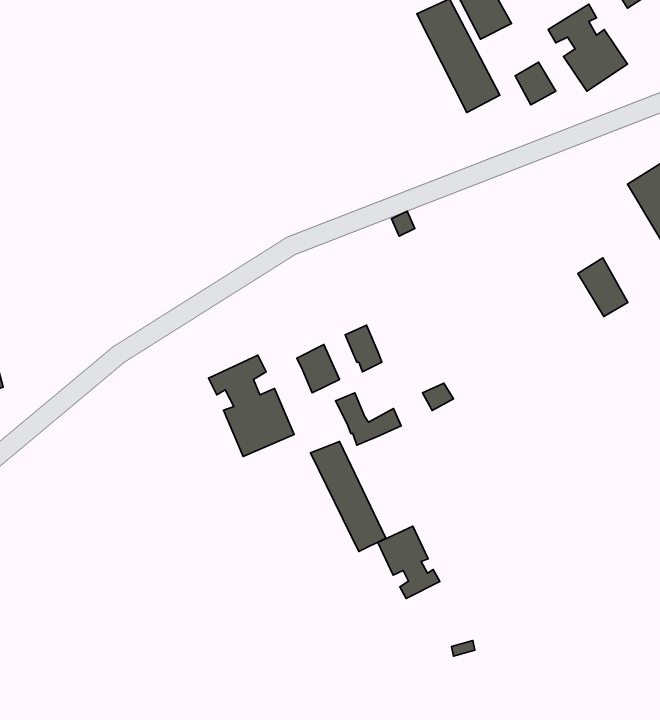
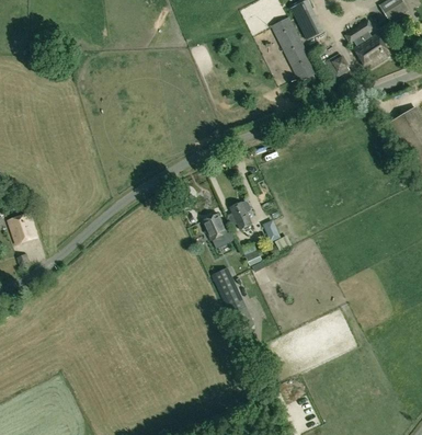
building: [578,258,628,316] -> none
building: [208,355,294,456] -> none
building: [378,526,440,599] -> none

